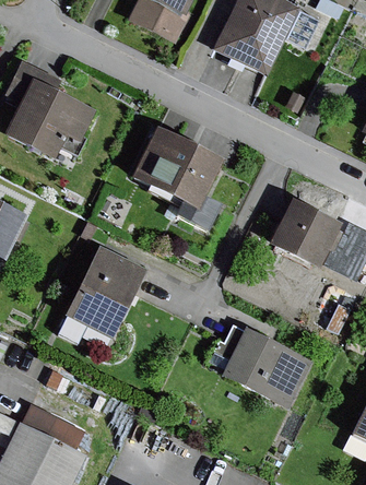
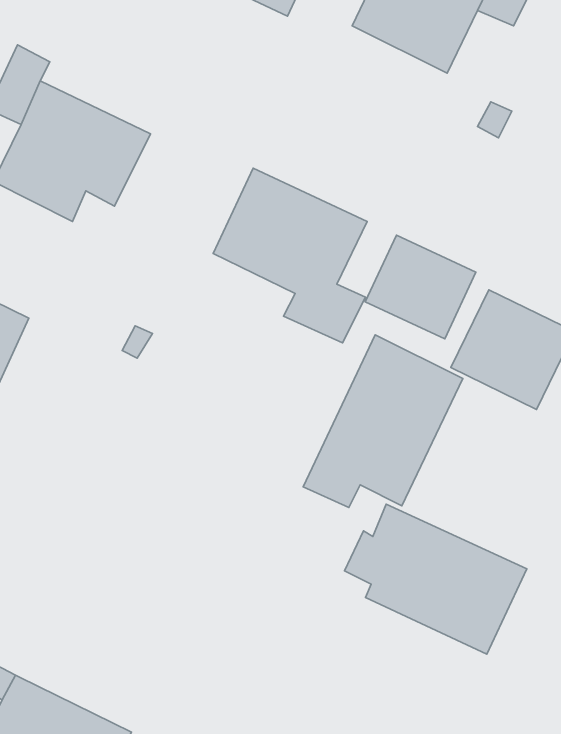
building: none -> [365,235,476,339]
building: [57,246,149,345] -> [303,335,463,508]
building: [23,402,86,448] -> none

